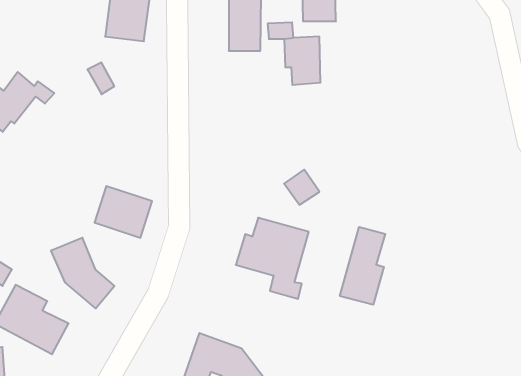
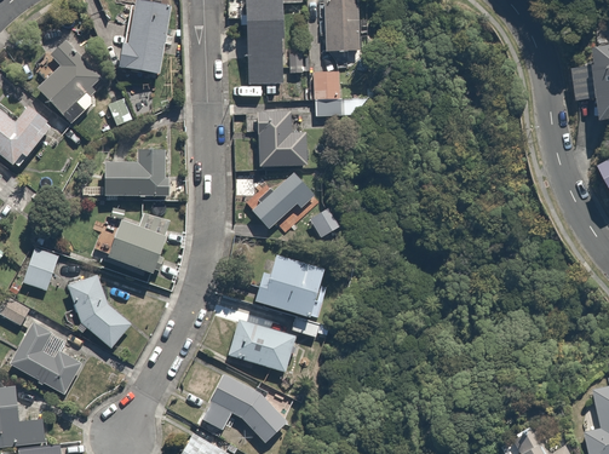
building: none -> [31,38,100,122]
building: none -> [255,110,309,168]
building: none -> [105,149,170,197]
building: none -> [246,179,321,230]
building: none -> [22,246,57,288]
building: [340,227,385,305] -> none
building: none -> [229,320,297,373]

